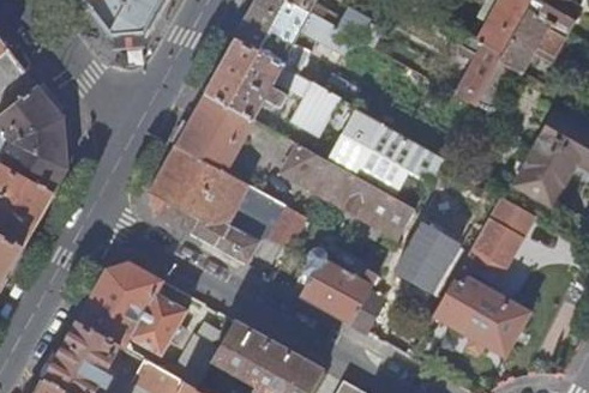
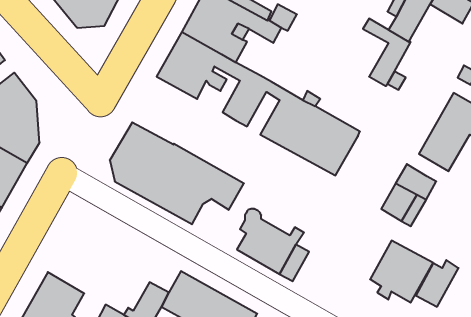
building: [499,7,565,71] -> none
building: [175,92,254,173] -> none
building: [282,144,415,237] -> none
building: [393,223,458,292] -> none
building: [76,261,186,355] -> none
building: [431,276,481,331] -> [416,260,459,307]

